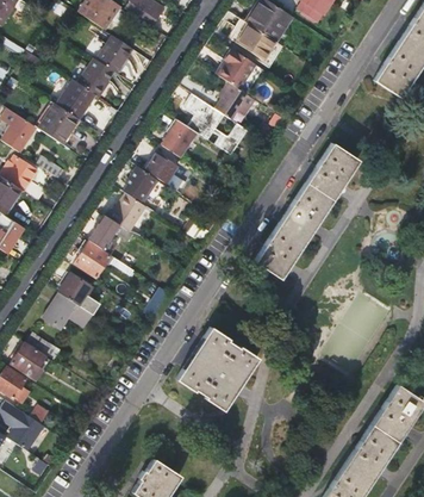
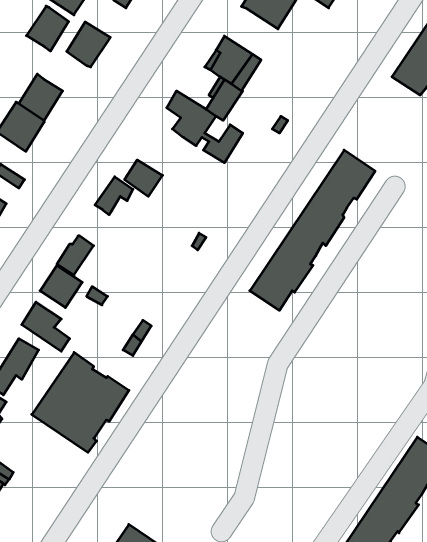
building: [237,23,278,61] -> none
building: [79,58,114,97] -> [26,6,69,51]
building: [162,120,197,157] -> none
building: [108,193,146,231] -> none
building: [173,327,255,411] -> [32,352,129,452]

